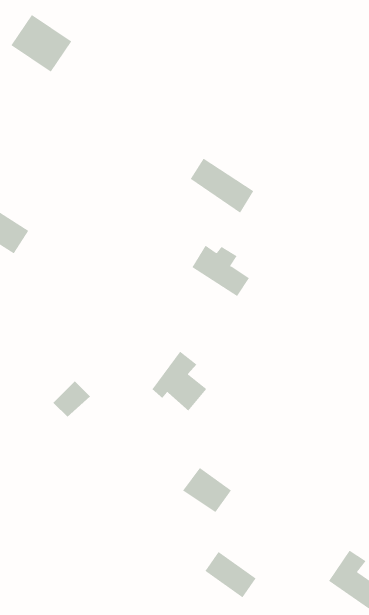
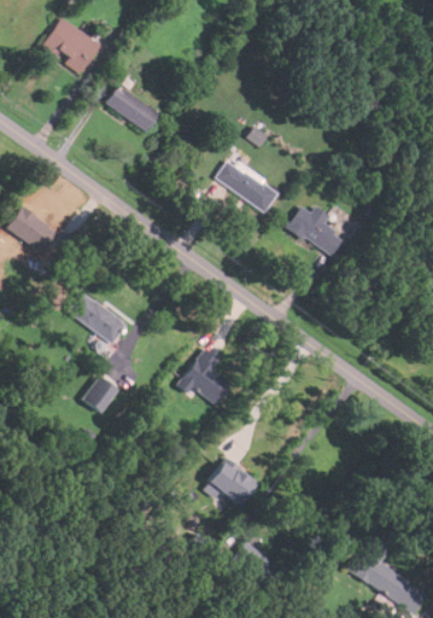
building: none -> [106,86,158,132]
building: [192,245,250,297] -> [287,206,344,257]
building: none -> [69,292,125,345]

